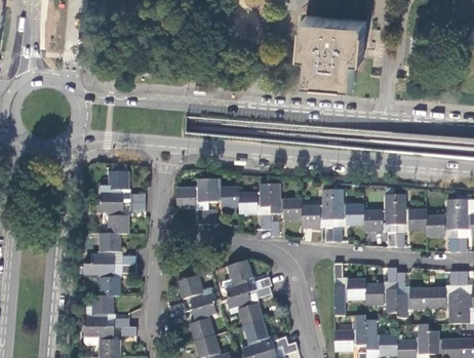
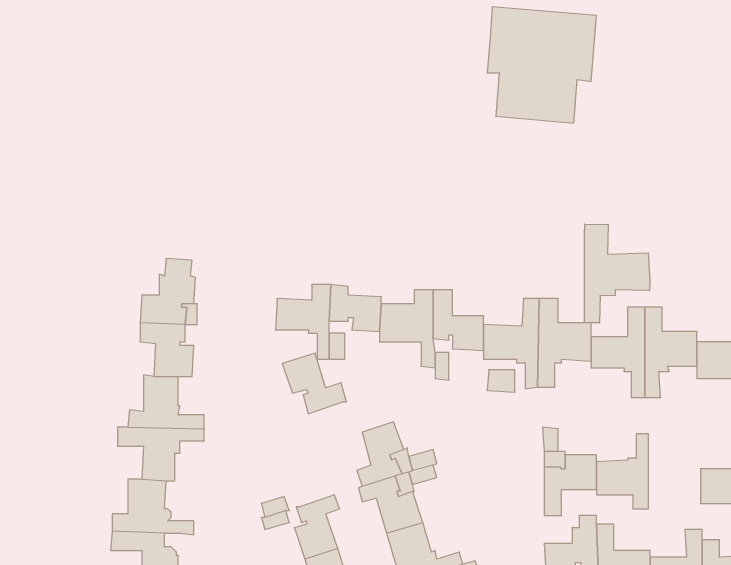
building: none -> [584,224,650,323]
building: [397,273,428,318] -> none
building: [175,275,213,311] -> [282,353,346,414]

